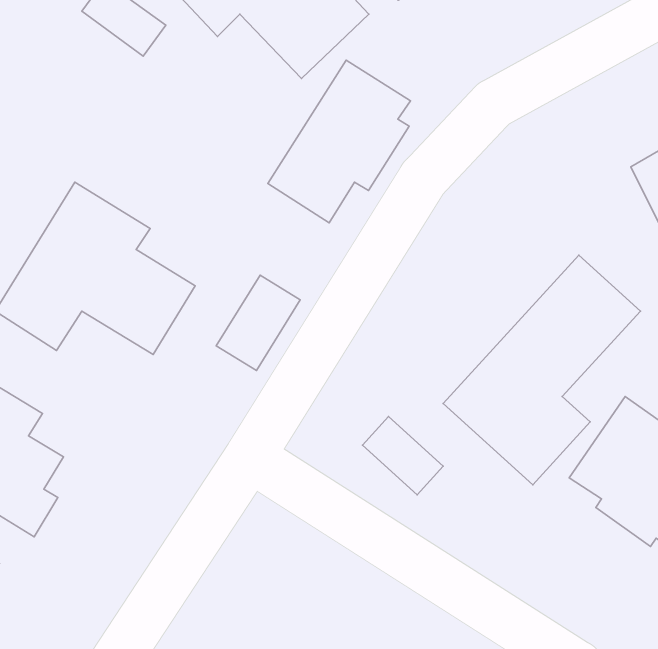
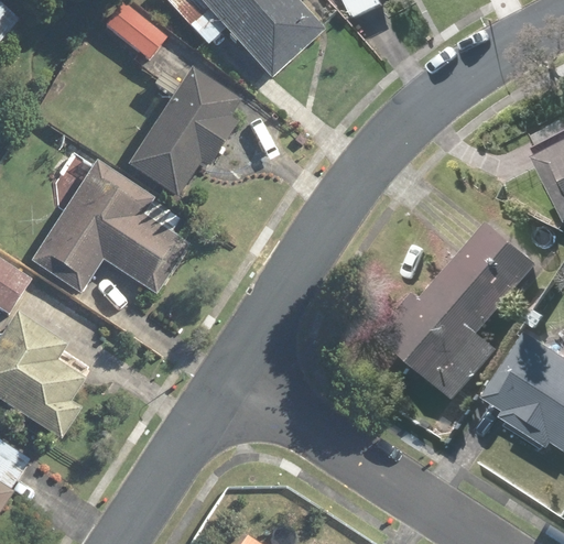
building: [268,60,411,223] -> [128,68,240,196]
building: [216,275,300,371] -> none
building: [363,417,443,495] -> none

